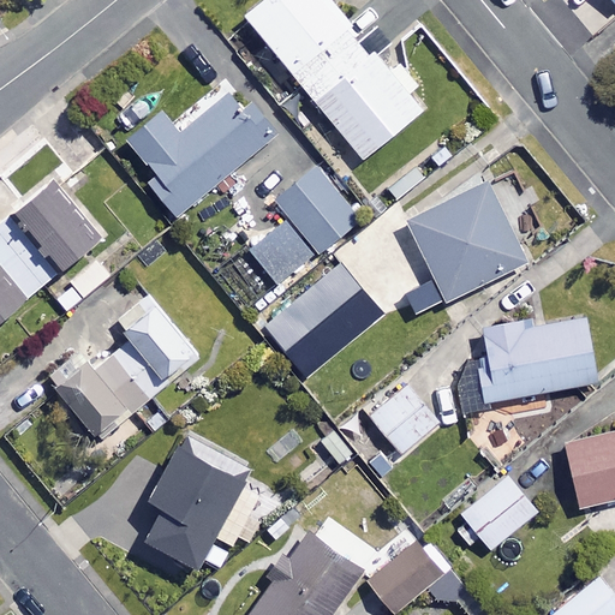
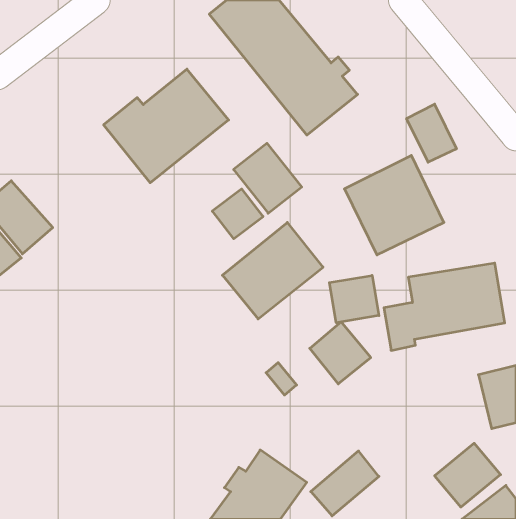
building: none -> [407,104,456,162]
building: [13,181,103,270] -> none
building: [49,294,199,437] -> none
building: none -> [329,275,379,323]
building: [145,437,252,568] -> none
building: [459,473,537,549] -> [435,443,501,507]

